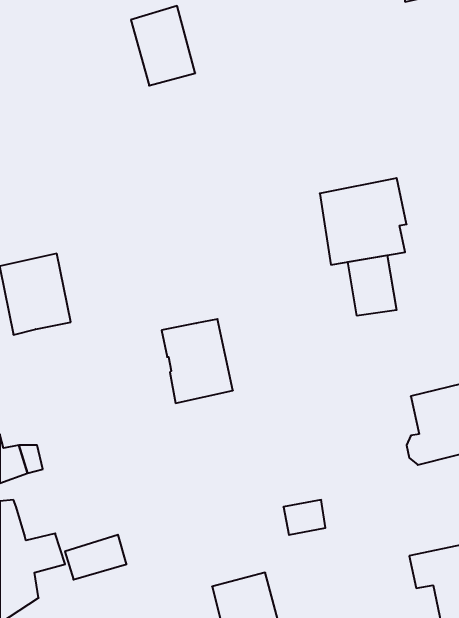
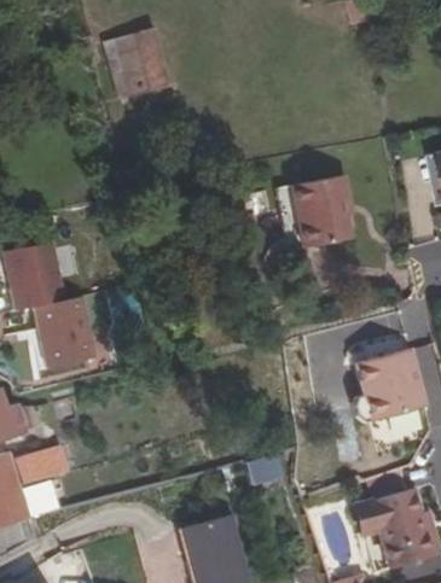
building: [348,255,397,316] -> none
building: [162,319,233,403] -> [31,297,93,369]
building: [65,535,127,580] -> [14,445,68,484]

